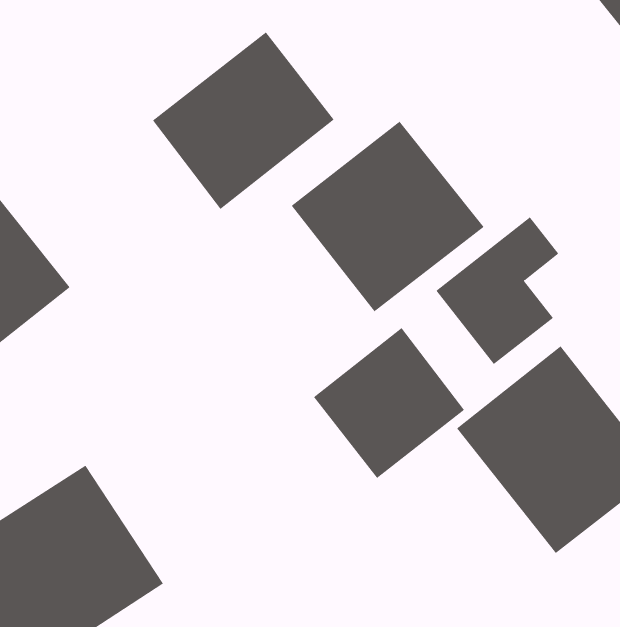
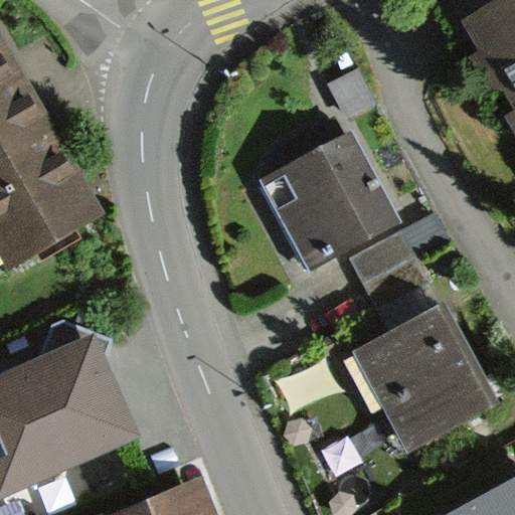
building: [152,32,335,210] -> none
building: [313,327,465,479] -> none

